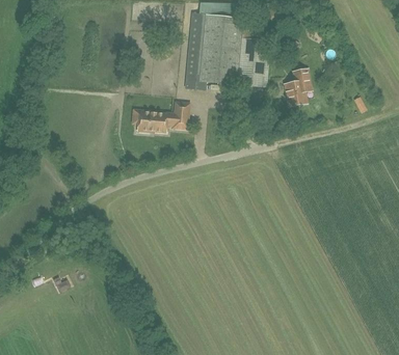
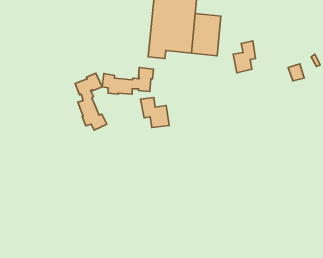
building: none -> [75,73,107,130]
building: none -> [141,98,169,127]

